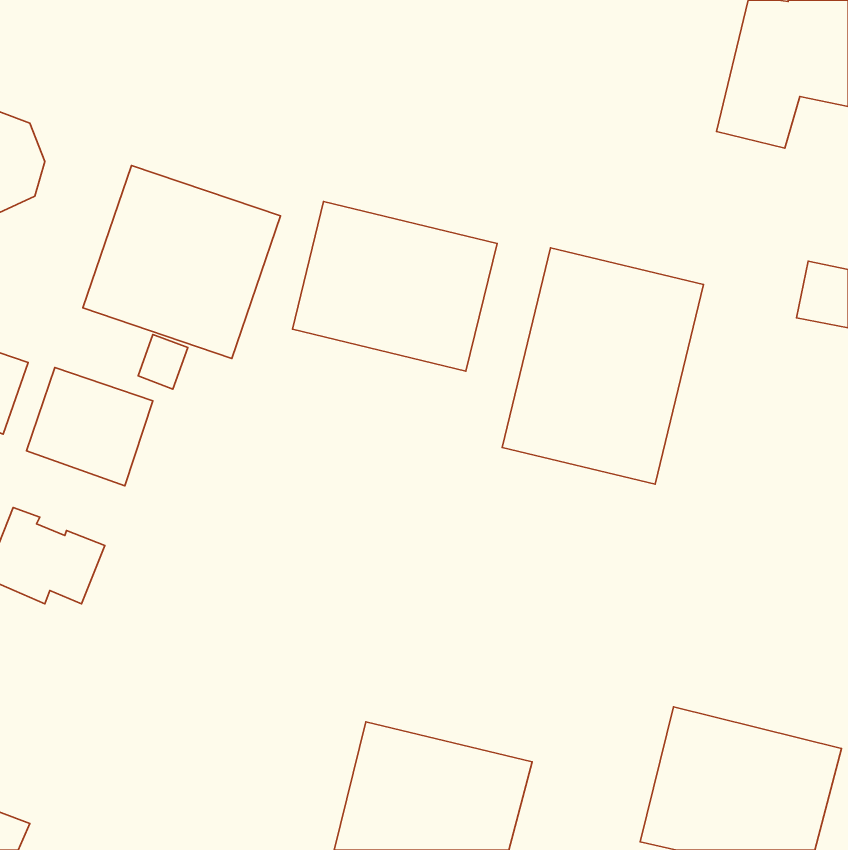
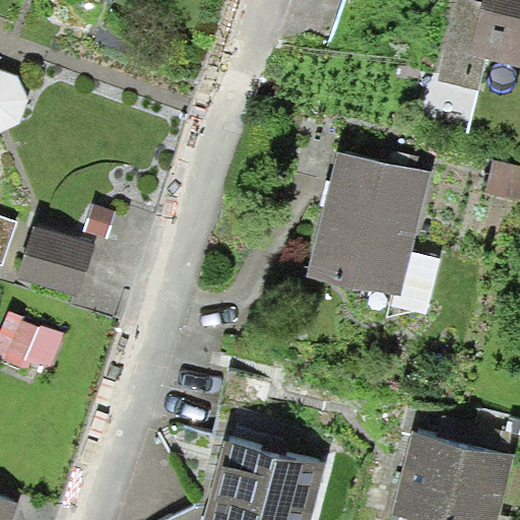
building: [83,165,280,358] -> none
building: [292,201,497,371] -> none

